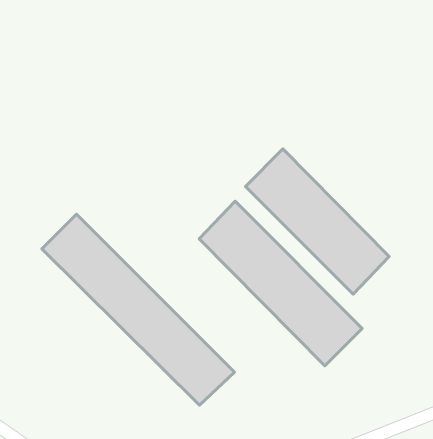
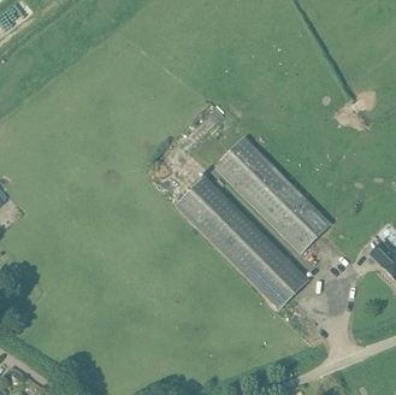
building: [42,214,234,405] -> none

